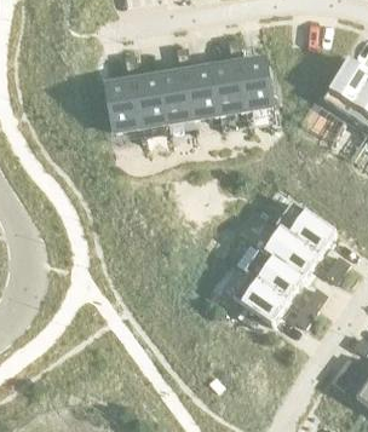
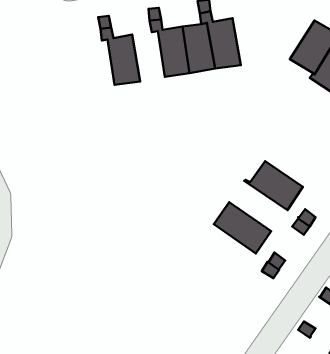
building: [159,69,192,121] -> none
building: [107,77,140,129] -> none
building: [259,224,320,276] -> none
building: [232,269,287,323] -> none

